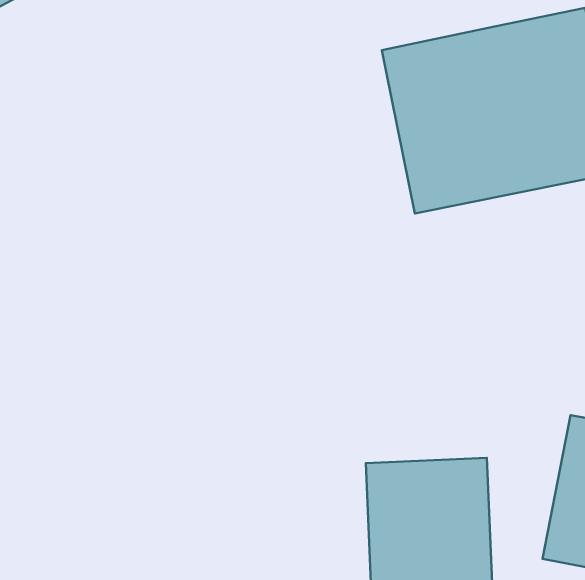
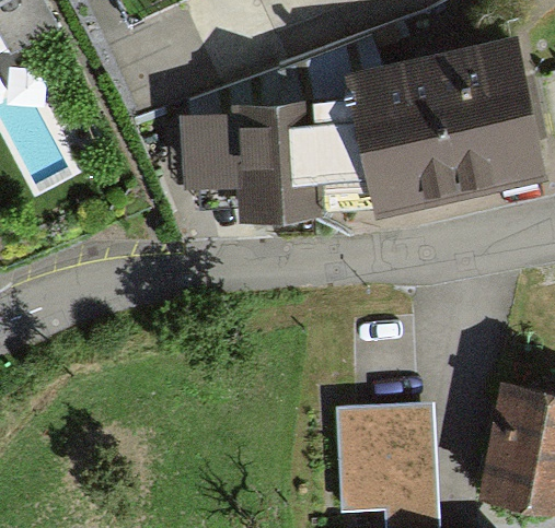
building: none -> [186,89,375,209]

